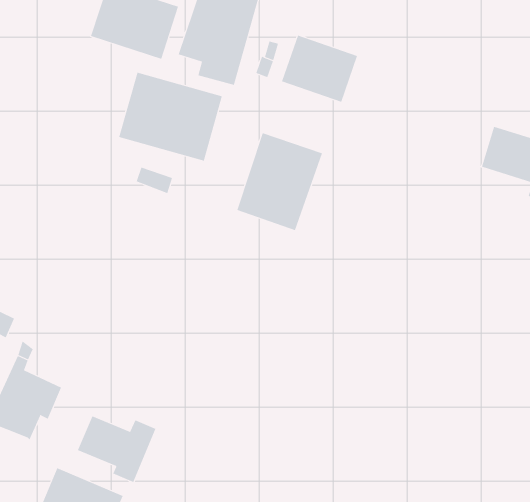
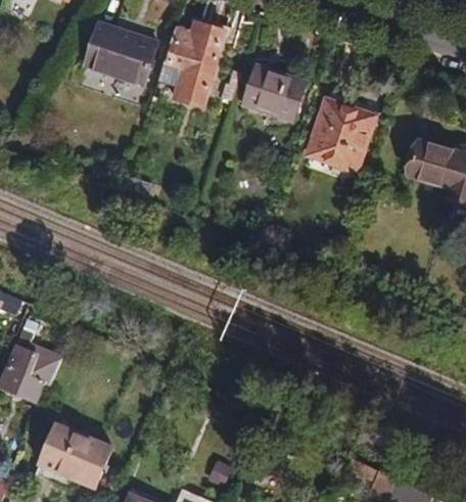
building: [119,72,223,161] -> none
building: [236,132,323,231] -> [307,91,378,173]
building: [77,415,156,483] -> none

